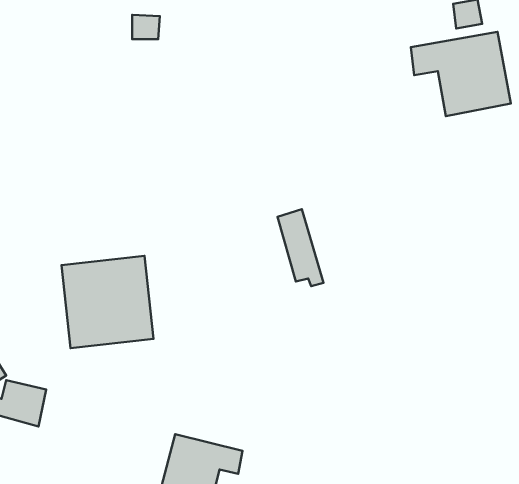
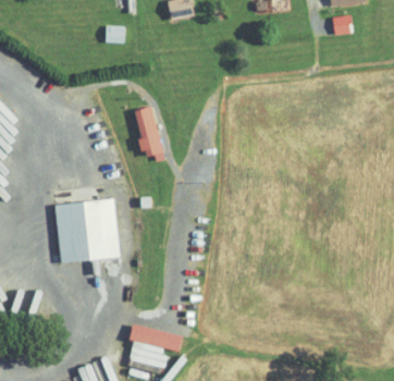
building: [411,32,511,116] -> none
building: [277,209,323,286] -> [135,107,168,161]

